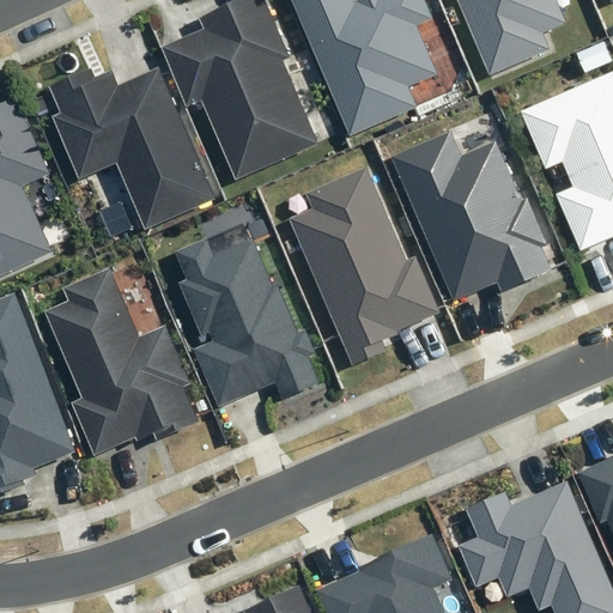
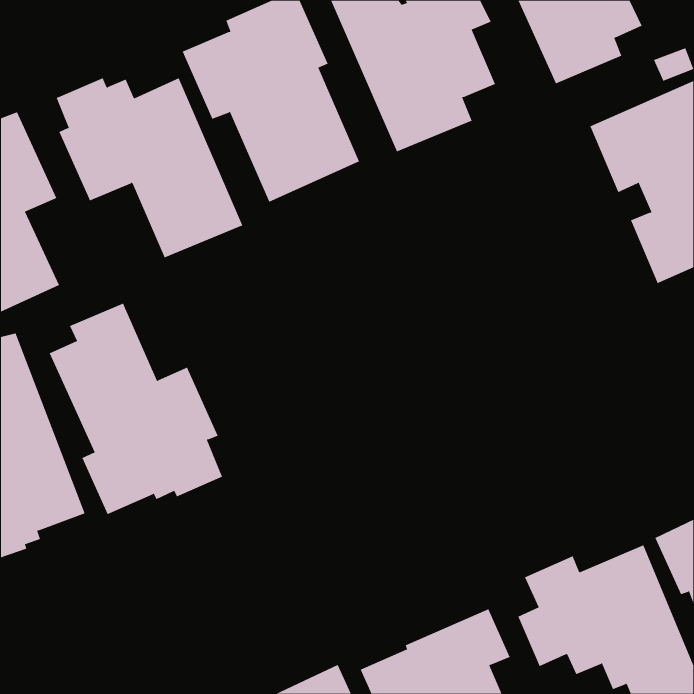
building: [390,131,551,302] -> none
building: [287,166,441,365] -> none
building: [176,239,320,408] -> none

